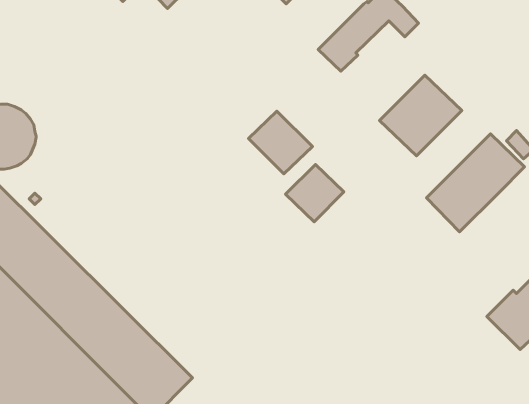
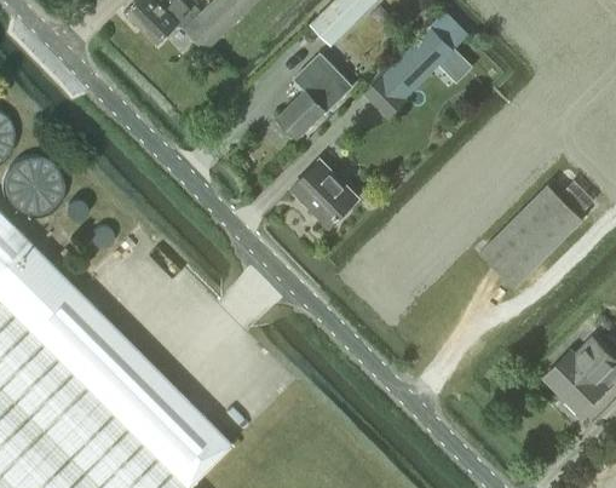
building: none -> [277,51,353,138]
building: [379,75,462,156] -> none
building: [286,164,344,222] -> none

